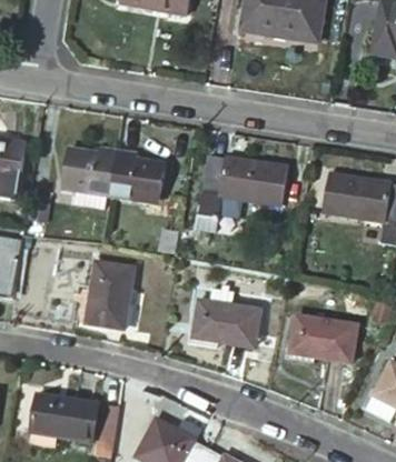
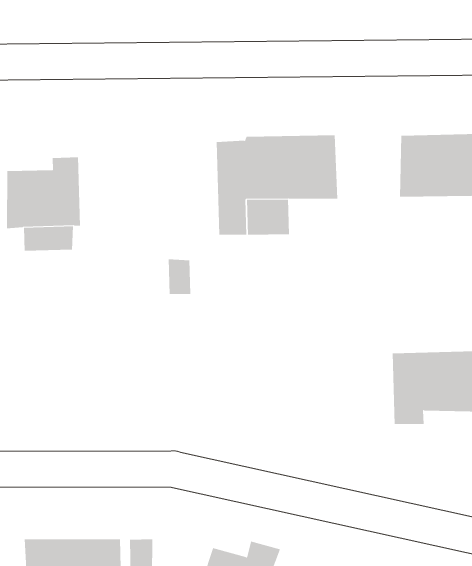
building: [108,149,161,202] -> none
building: [83,261,130,327] -> none
building: [194,297,260,344] -> none

